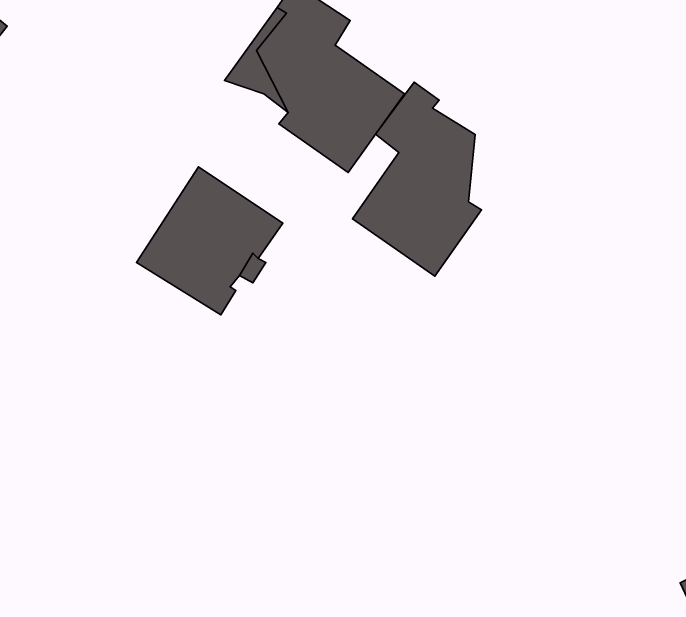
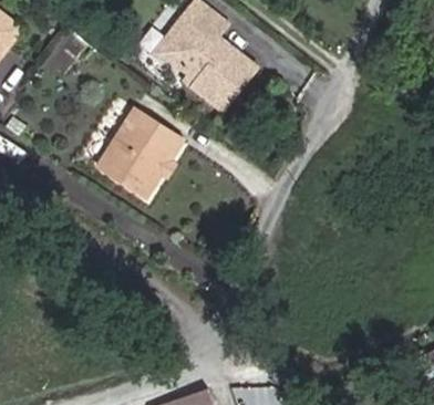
building: [352,82,482,276] -> none

